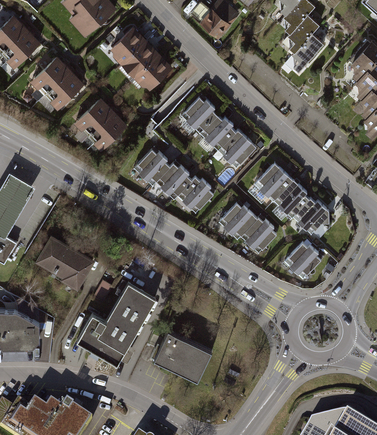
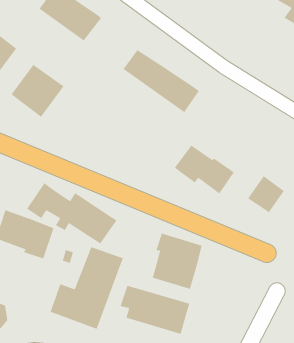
building: [129,149,215,217] -> [26,182,118,245]
building: [255,162,329,233] -> none
building: none -> [152,233,203,290]

